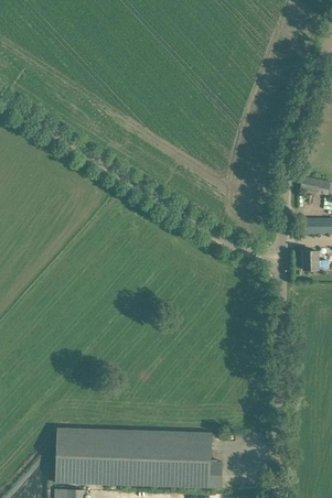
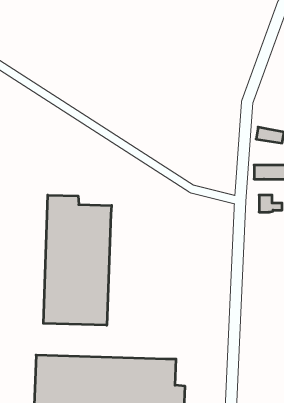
building: none -> [43,195,112,325]

